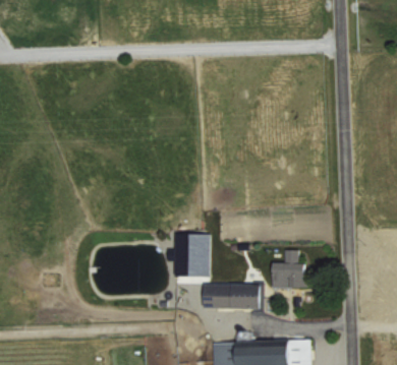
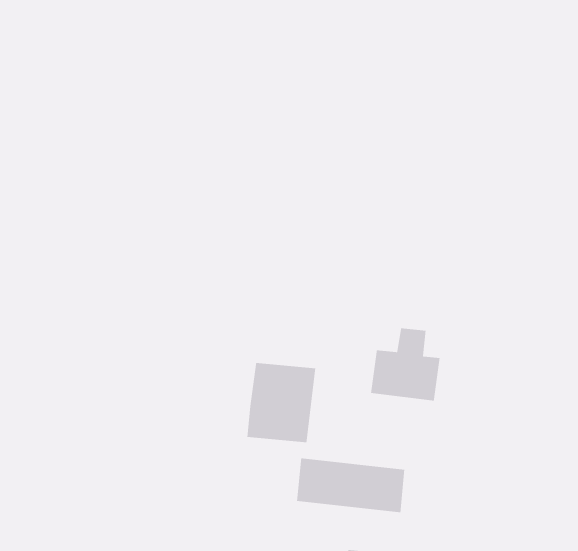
building: [271,249,307,288] -> [370,328,441,401]

